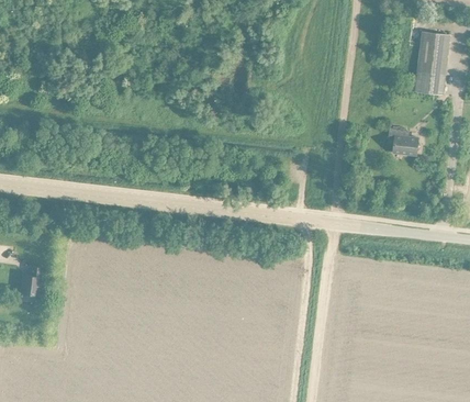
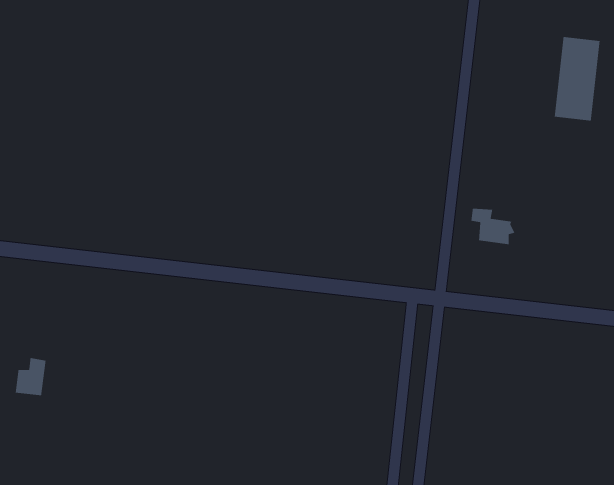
building: [385,129,418,156] -> [471,208,516,245]

